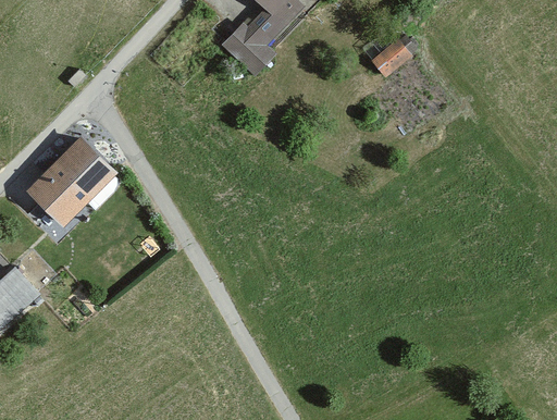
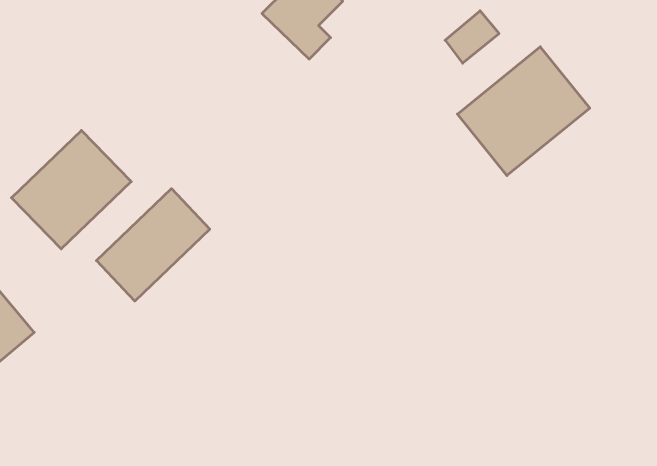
building: none -> [457,47,590,176]
building: none -> [96,189,210,301]

